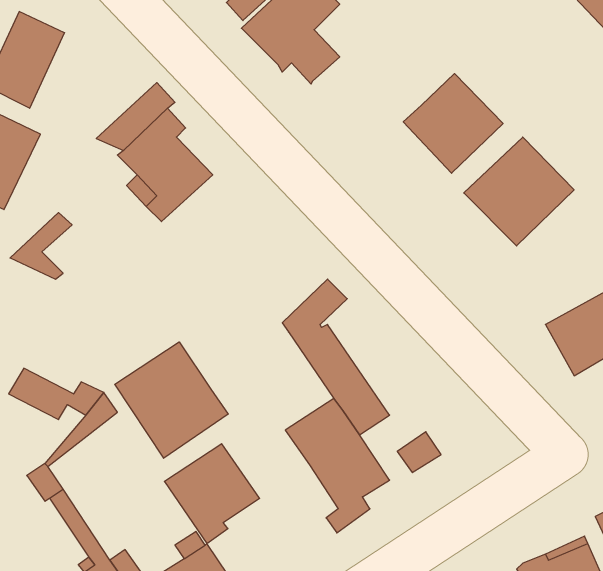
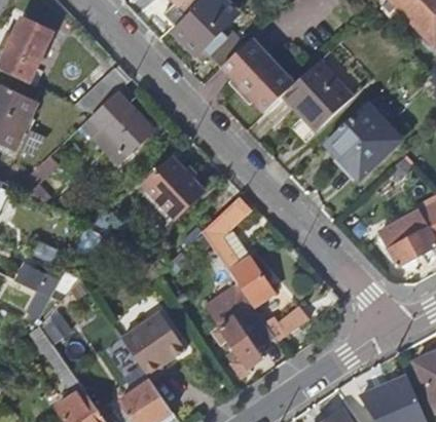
building: none -> [221,38,295,112]
building: none -> [142,158,204,220]
building: [115,342,228,458] -> none

